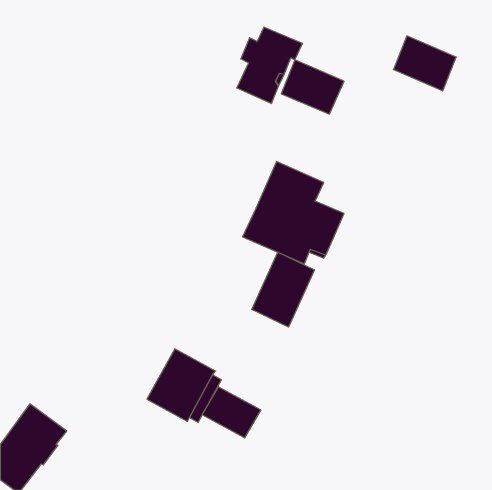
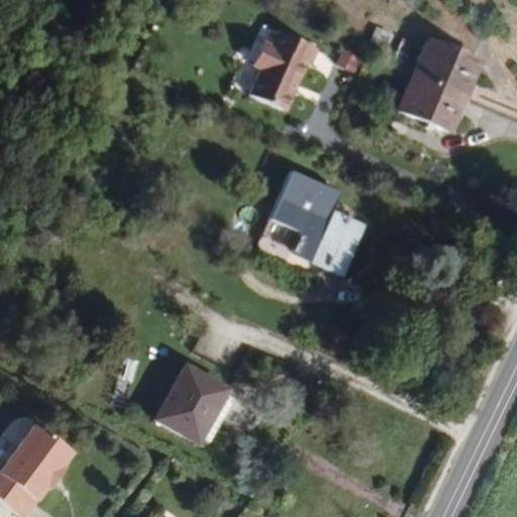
building: [281,60,344,114] -> [399,73,464,129]
building: [252,252,314,327] -> none
building: [202,387,261,438] -> none

